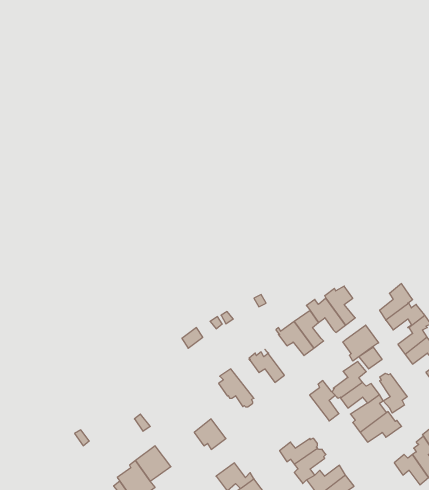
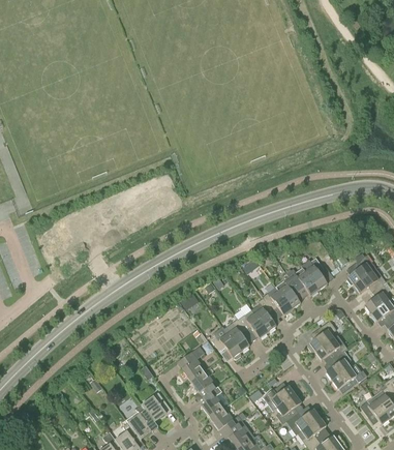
building: [343,325,379,361] -> none
building: none -> [221,319,249,352]
building: [380,373,407,413] -> none
building: [310,381,339,421] -> [250,298,275,332]
building: none -> [181,346,205,381]
building: none -> [201,386,224,418]

